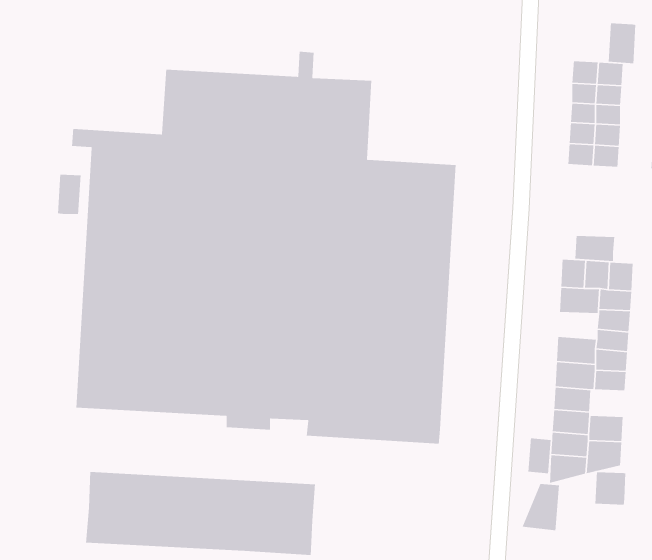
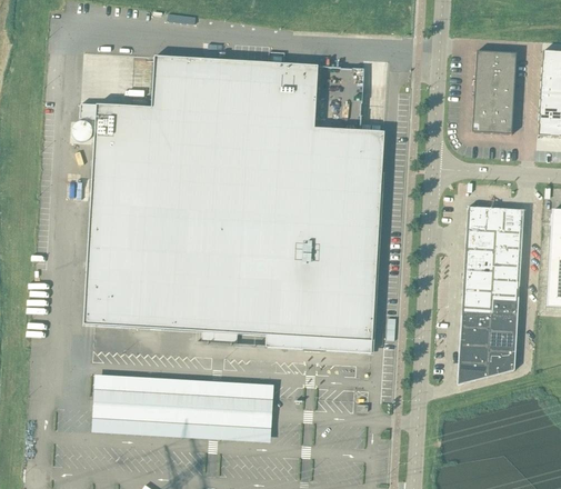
building: [608,23,636,64] -> none
building: [57,174,81,215] -> none
building: [574,235,615,262] -> [464,248,497,269]
building: none -> [490,309,518,330]
building: [528,438,551,474] -> none
building: [594,472,626,506] -> none
building: [521,483,560,531] -> none

